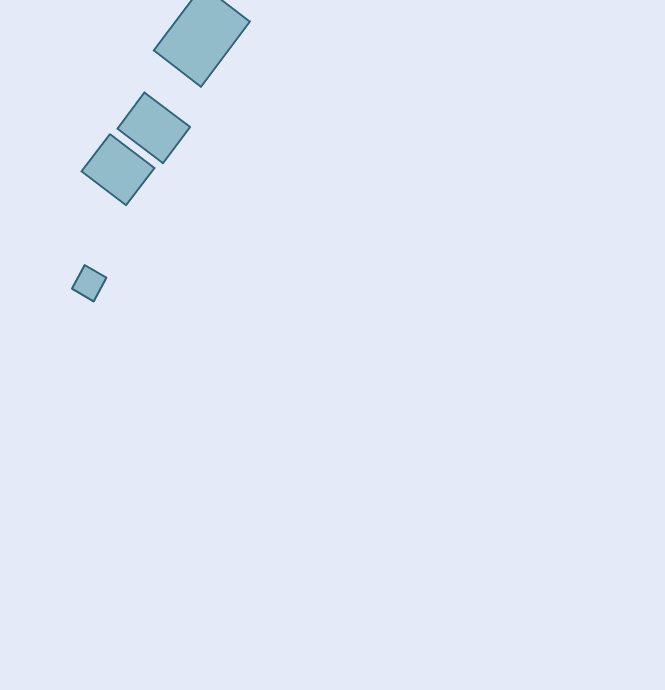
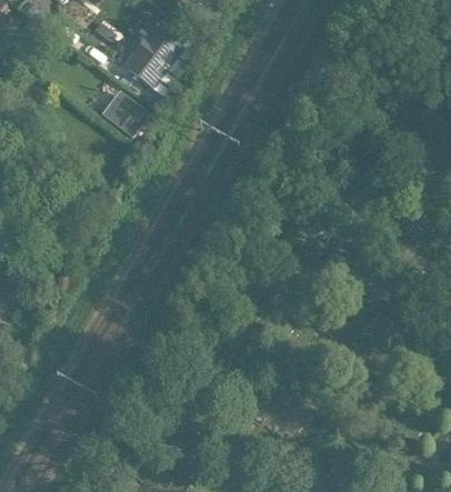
building: [81,134,155,205] -> none

